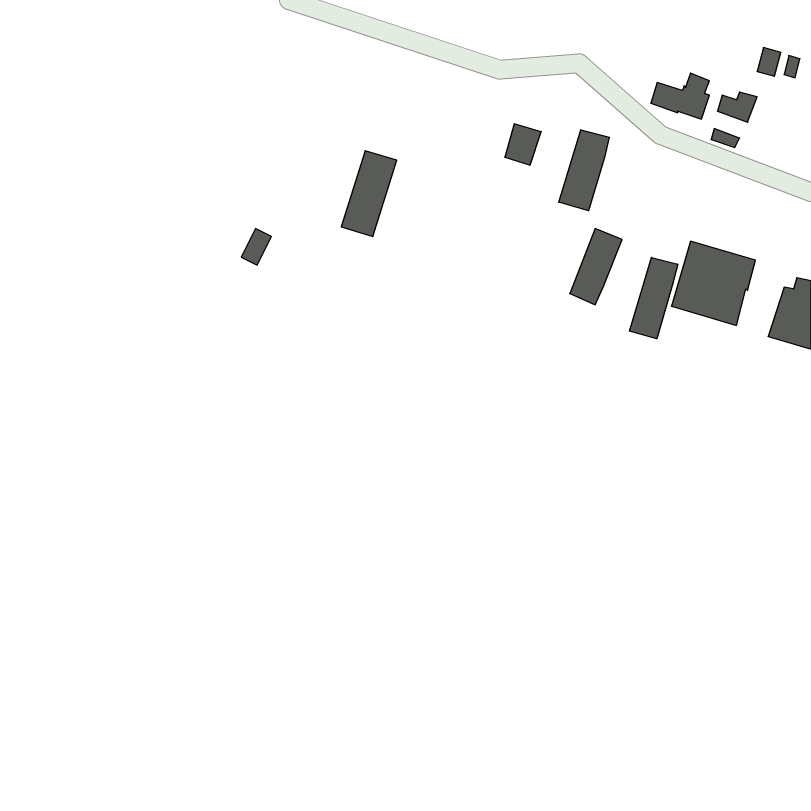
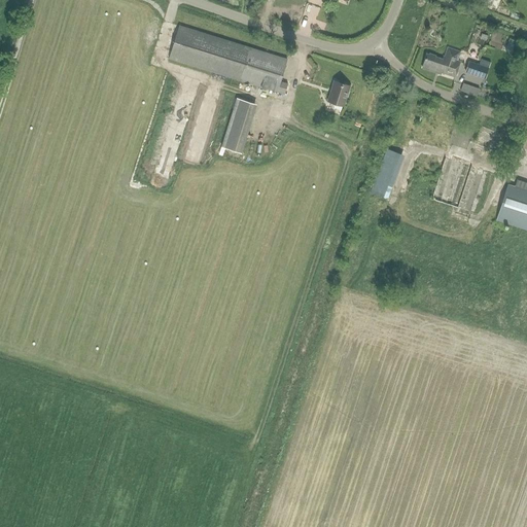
building: none -> [169,26,287,94]
building: [559,130,609,211] -> none
building: [629,257,678,339] -> none

